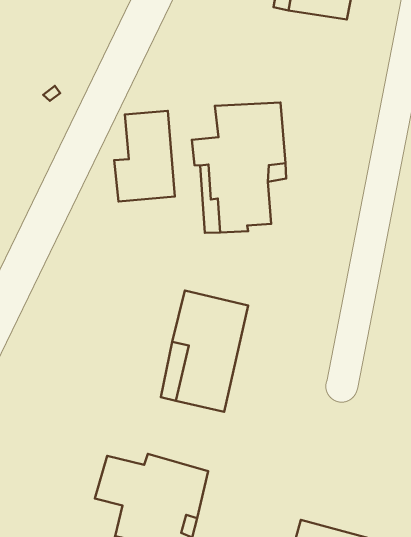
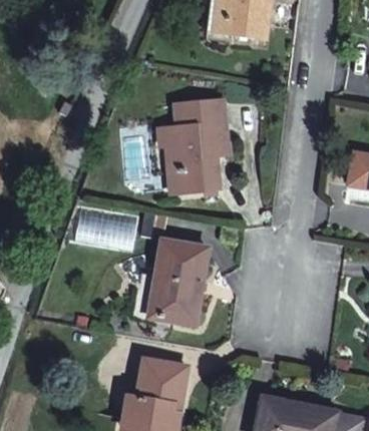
building: [114,111,175,202] -> none

